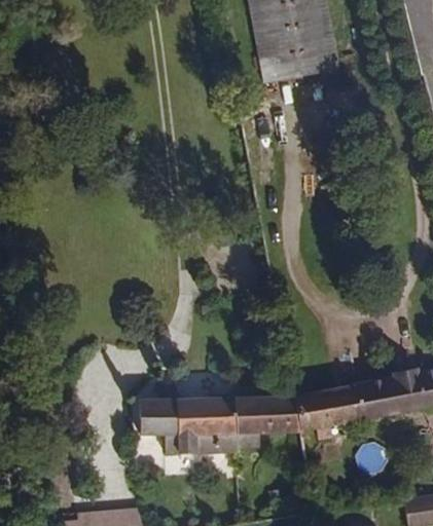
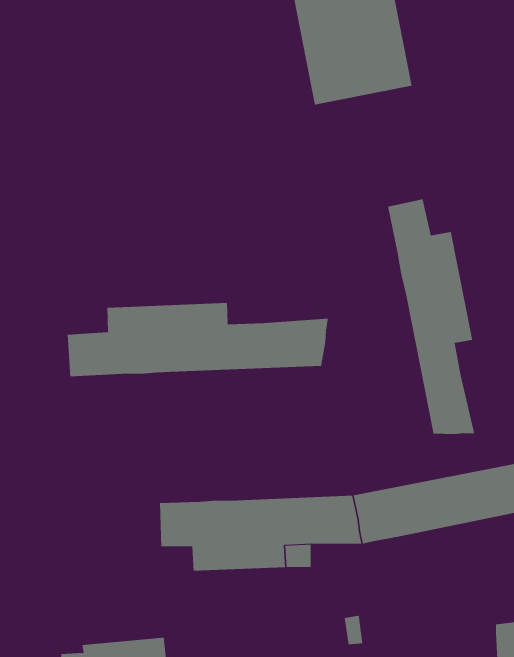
building: none -> [387,199,475,435]
building: none -> [67,302,329,377]

